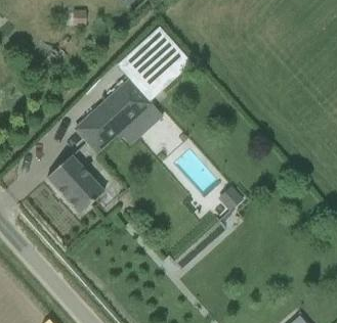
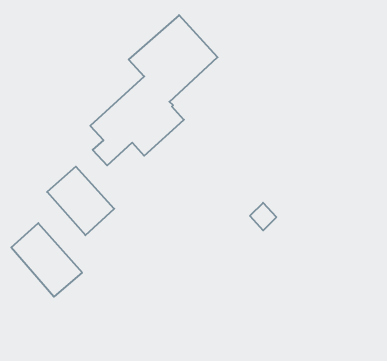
building: none -> [11,223,82,297]

